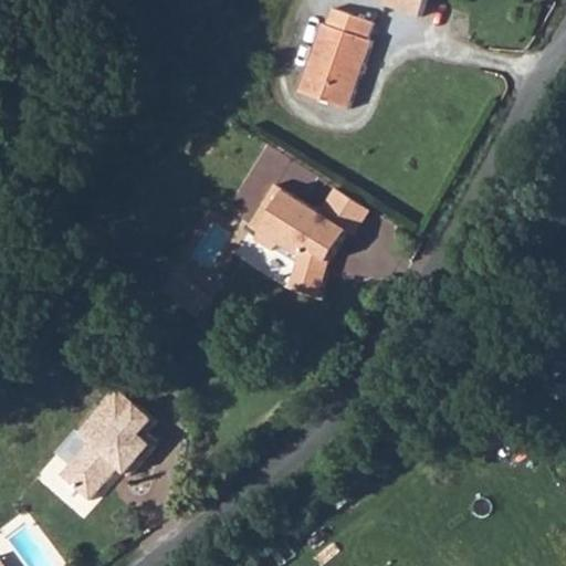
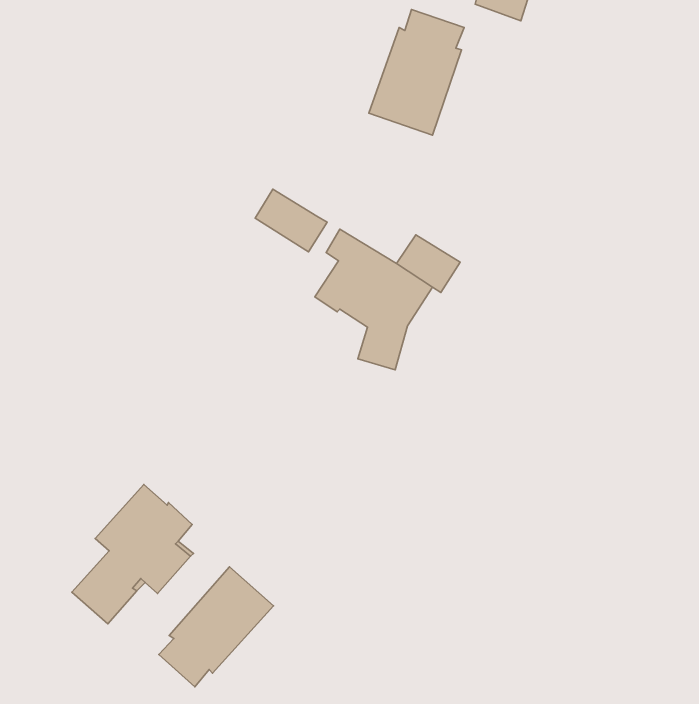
building: none -> [255,189,327,252]
building: none -> [159,567,273,687]

